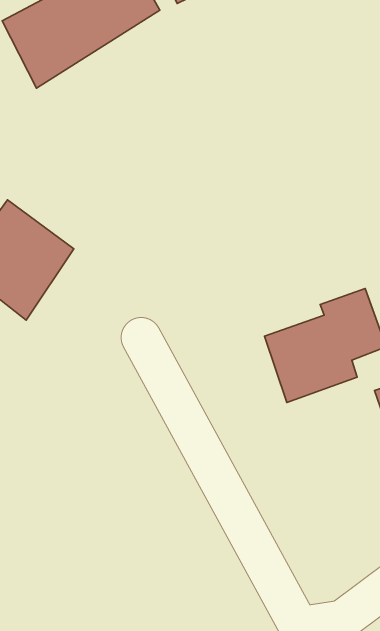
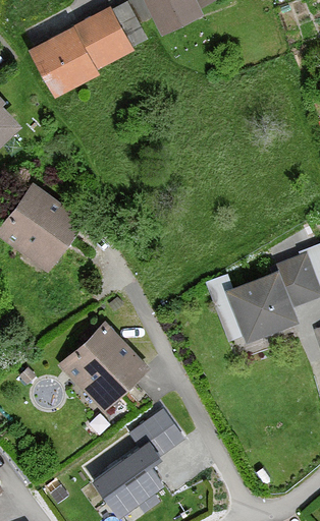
building: none -> [59,322,149,411]
building: none -> [98,408,184,509]

